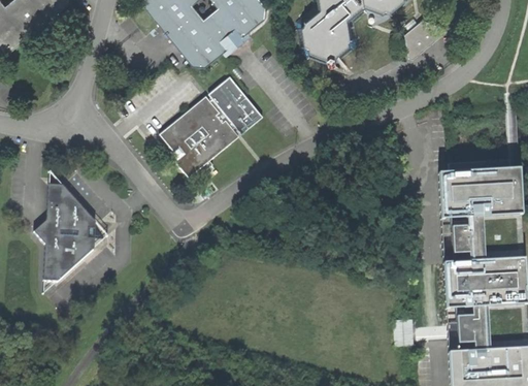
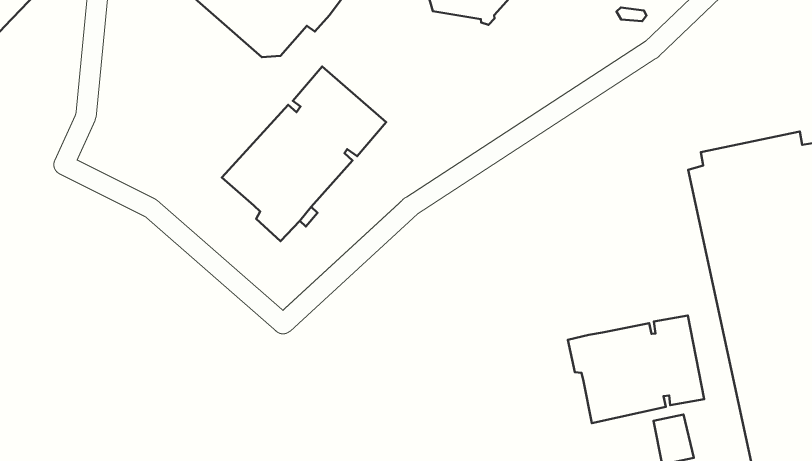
building: [33,183,103,282] -> none
building: none -> [568,316,704,423]

